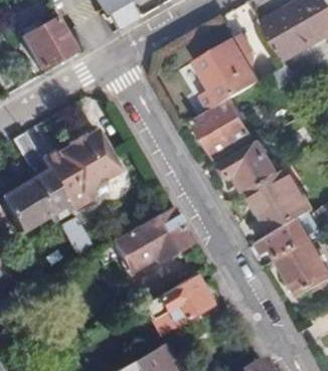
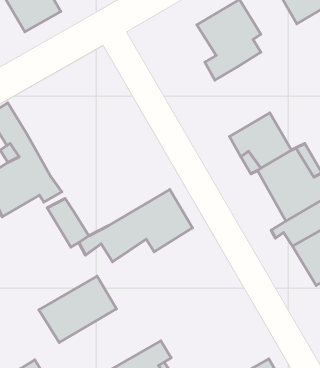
building: [193,99,251,155] -> none
building: [41,133,118,210] -> none
building: [139,276,208,336] -> [39,276,116,343]

